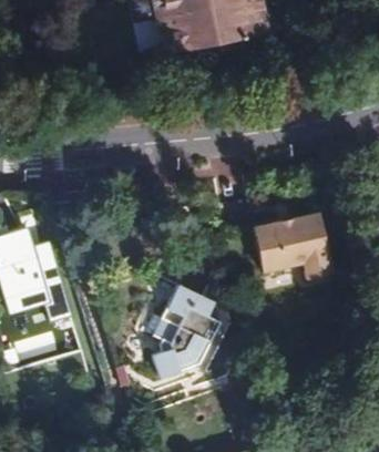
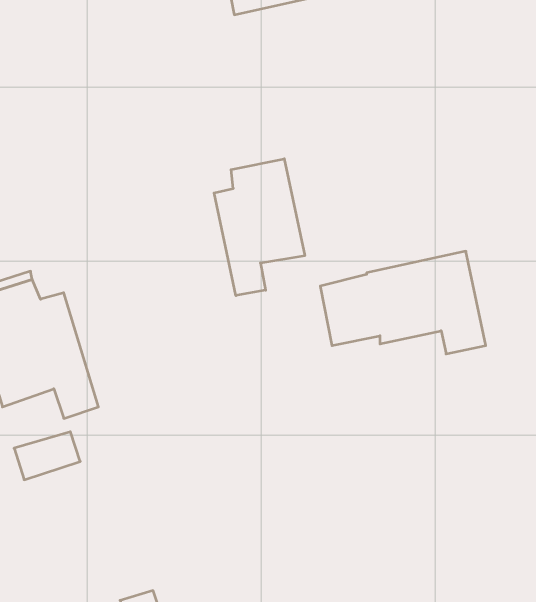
building: none -> [214,159,305,296]
building: [148,284,222,380] -> none

